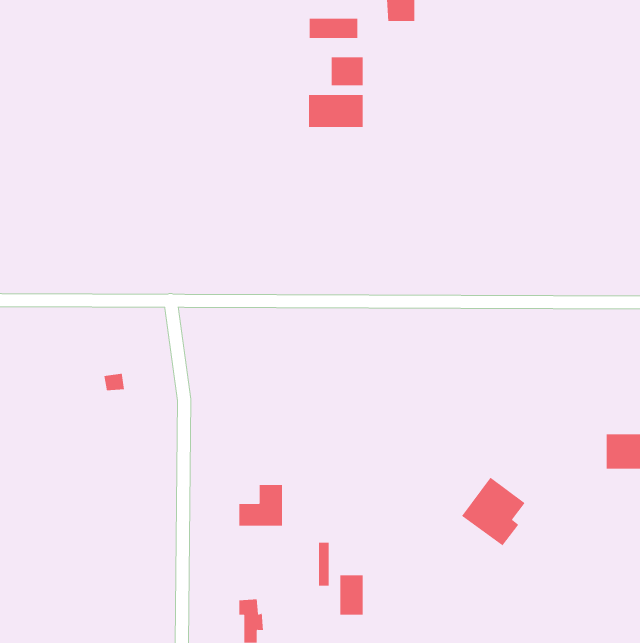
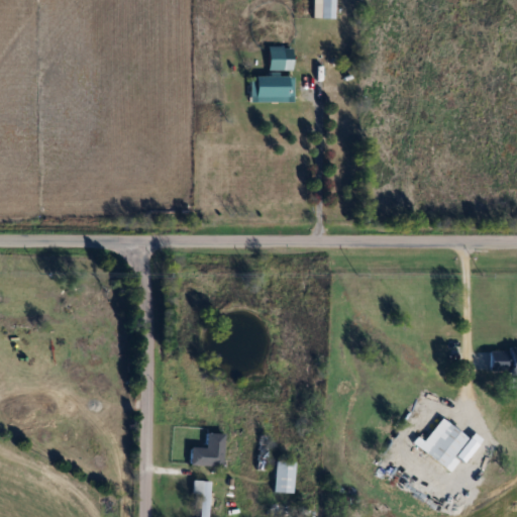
building: [309,18,358,39] -> none
building: [461,477,525,546] -> [418,416,470,472]
building: [239,484,283,526] -> [190,432,225,466]

